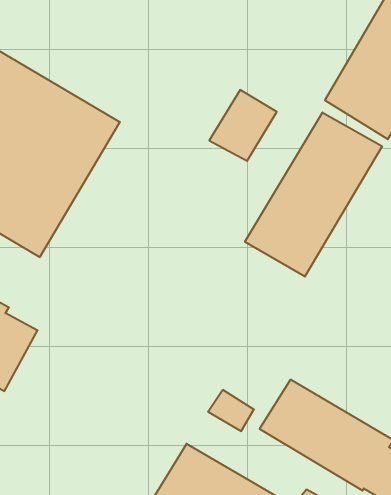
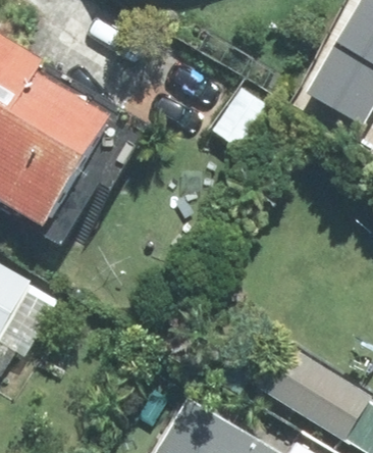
building: [245,112,382,277] -> none

